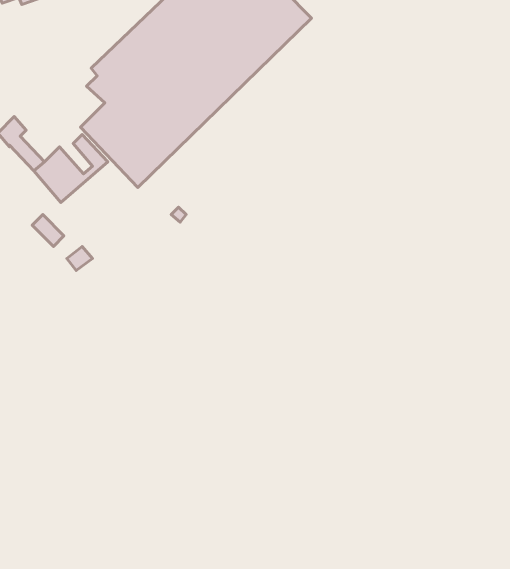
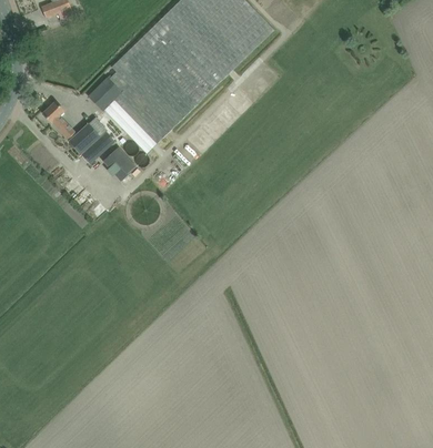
building: none -> [88,78,121,111]
building: none -> [102,146,141,186]

